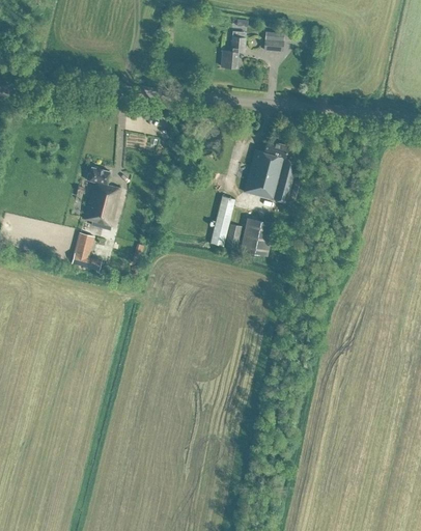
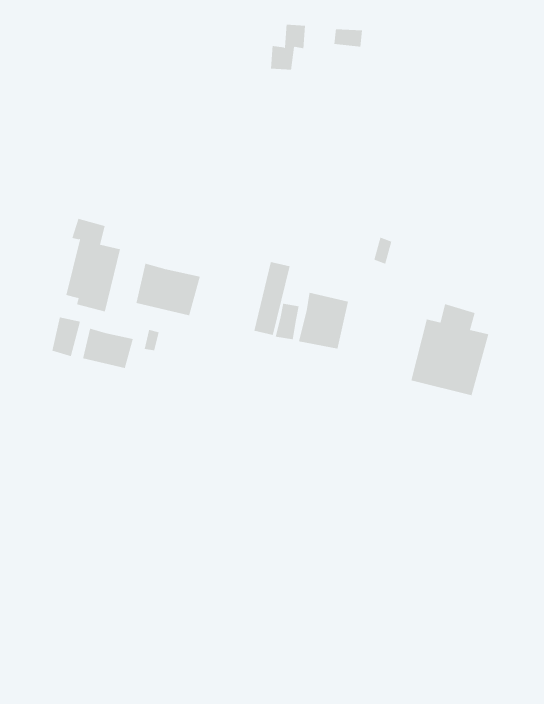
building: [244,140,297,202] -> [411,304,489,396]
building: none -> [136,263,201,316]
building: none -> [83,328,133,369]

